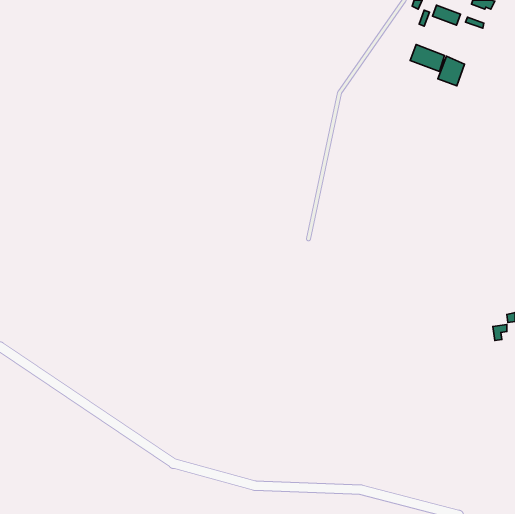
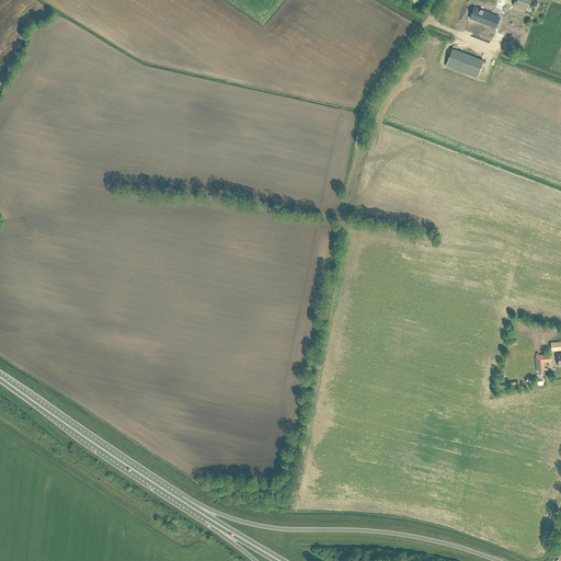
building: [438,56,465,86] -> none

